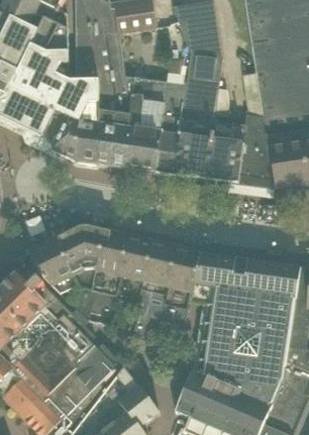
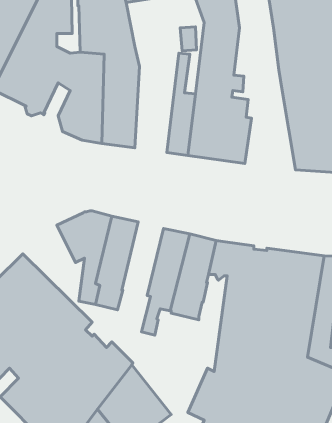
building: [126,75,167,172] -> none
building: [227,114,274,188] -> none
building: [114,235,152,303] -> none
building: [28,238,72,284] -> none

